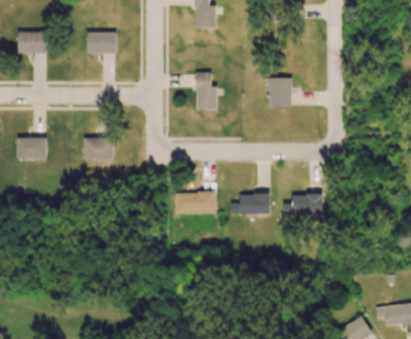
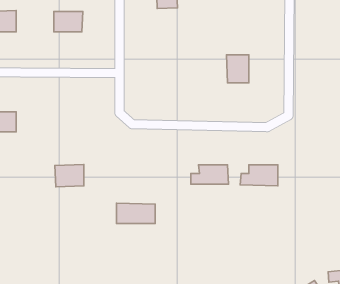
building: [196,71,218,109] -> none
building: [83,136,114,160] -> [55,165,84,187]
building: [175,191,216,213] -> [117,203,155,224]

